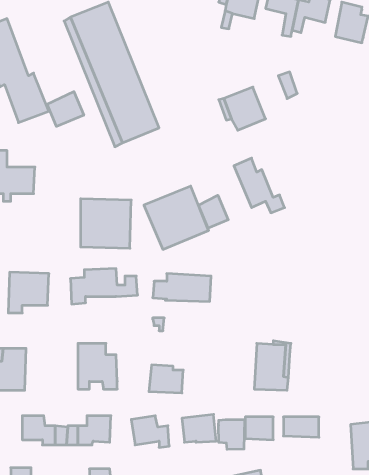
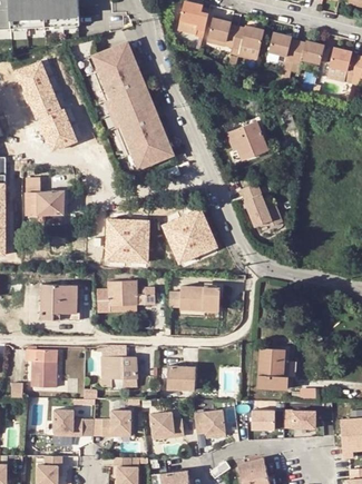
building: [47,92,84,126] -> none
building: [198,195,228,228] -> none
building: [219,420,245,449] -> none

